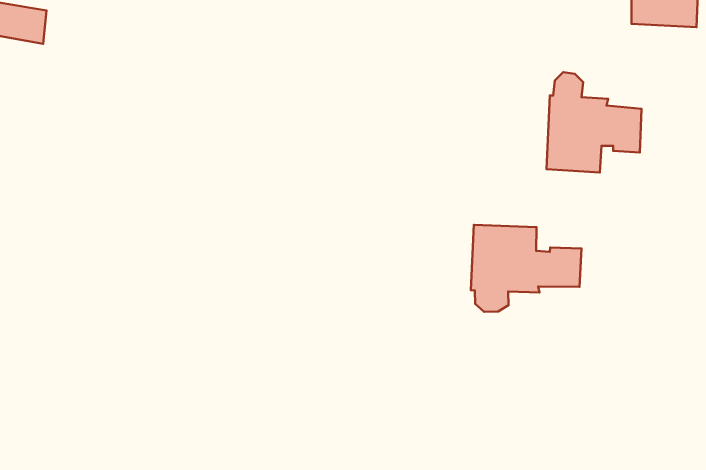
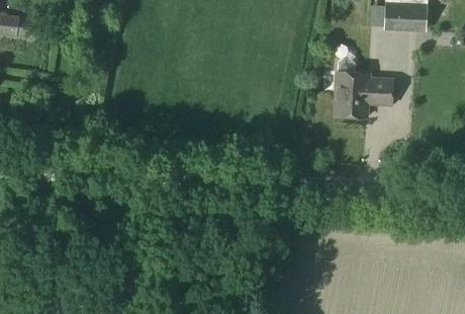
building: [471,225,582,312] -> none

